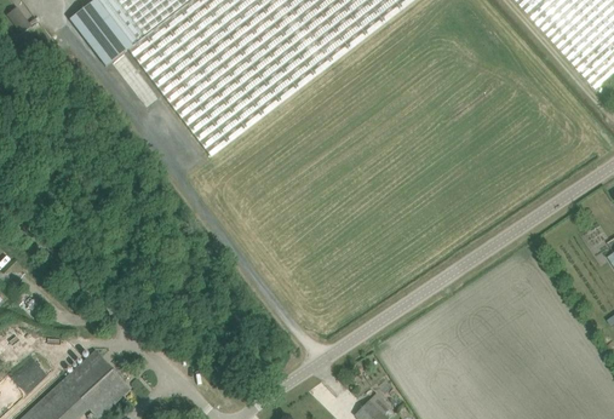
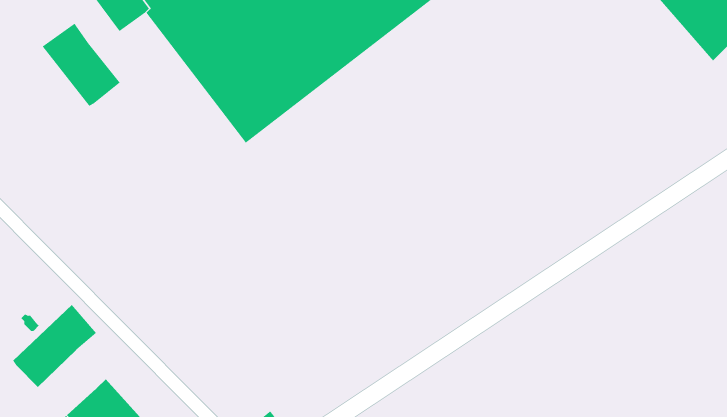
building: none -> [42,23,120,107]
building: none -> [12,304,97,388]

